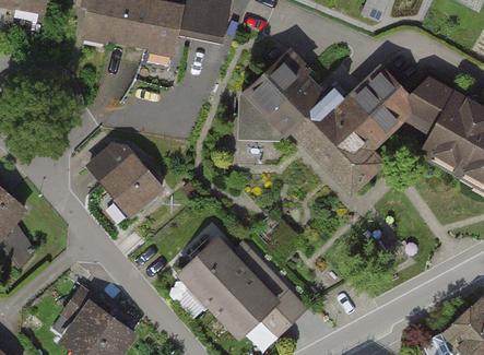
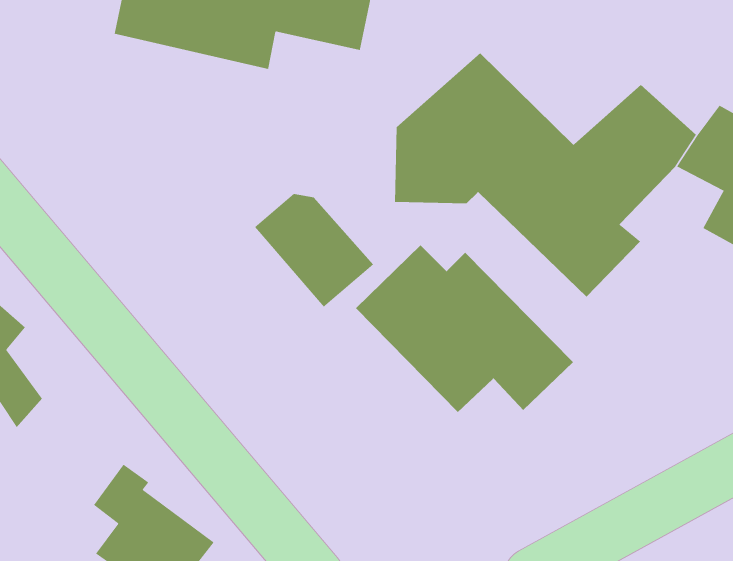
building: [91,146,161,213] -> [254,193,374,307]
building: [180,239,308,338] -> [355,244,574,413]

